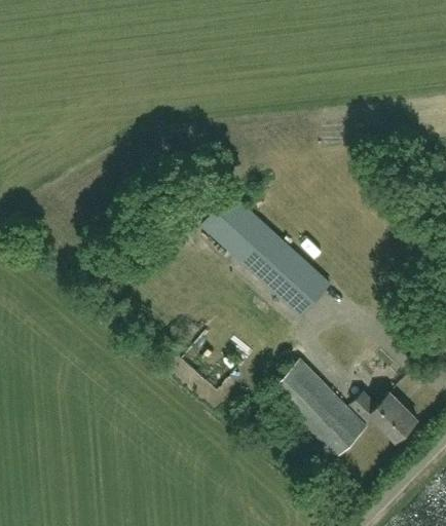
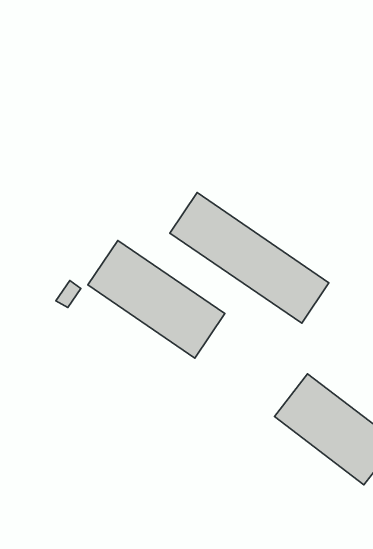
building: none -> [88,240,225,358]

